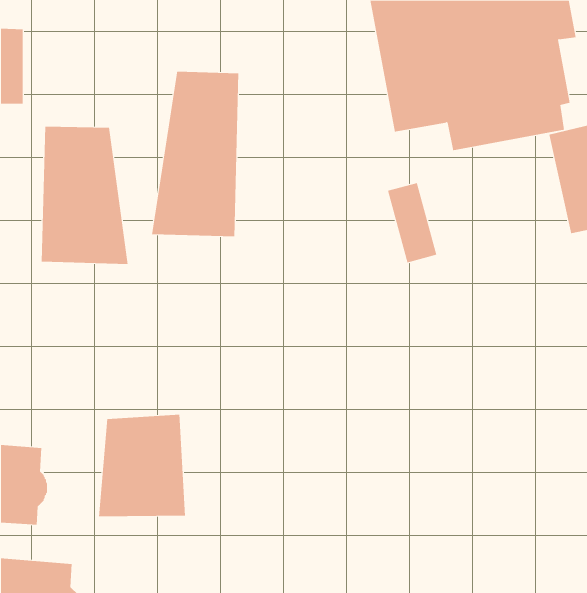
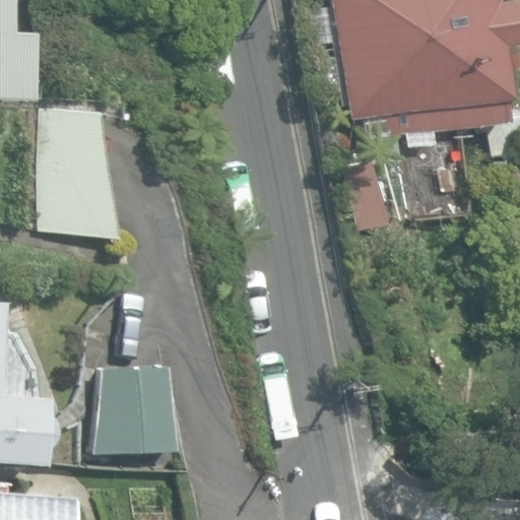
building: [152,71,239,237] -> none

